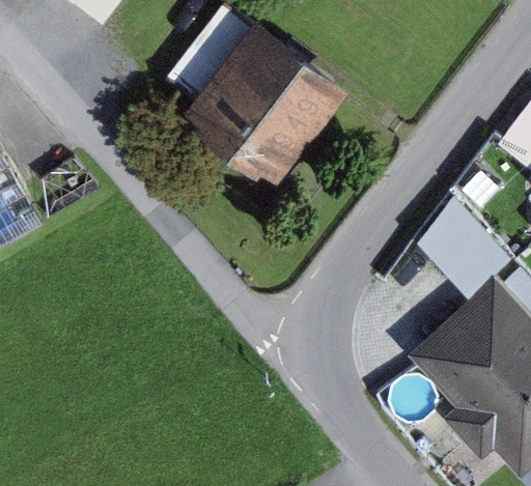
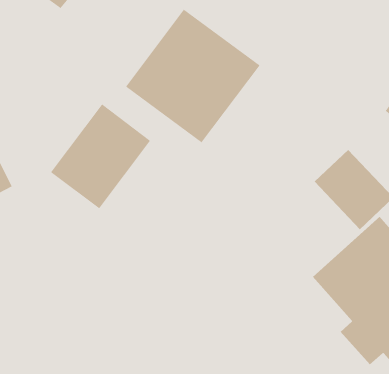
building: none -> [50,104,151,209]

